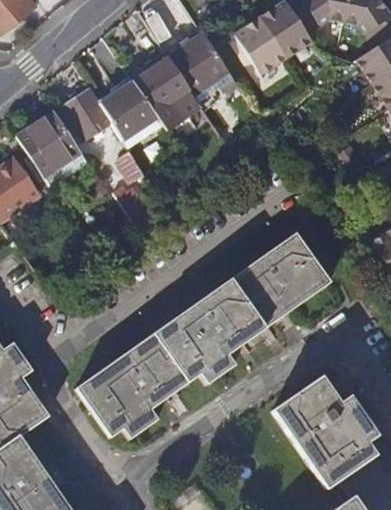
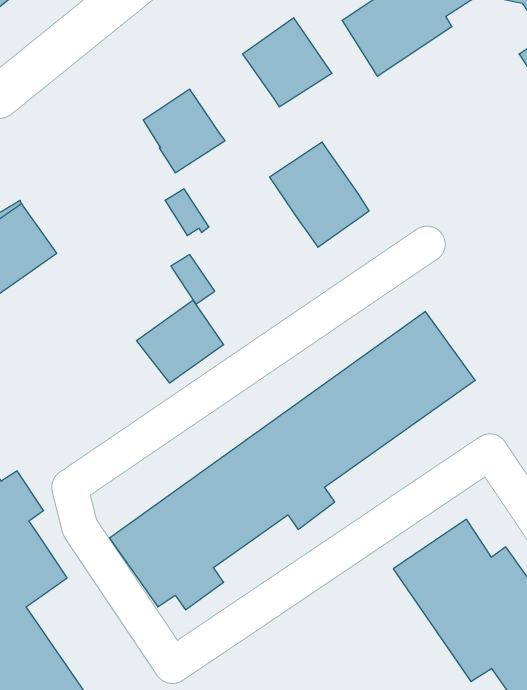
building: [132,58,200,130] -> [270,142,369,247]
building: [61,88,112,140] -> none
building: [16,111,81,177] -> none
building: none -> [137,300,224,383]

